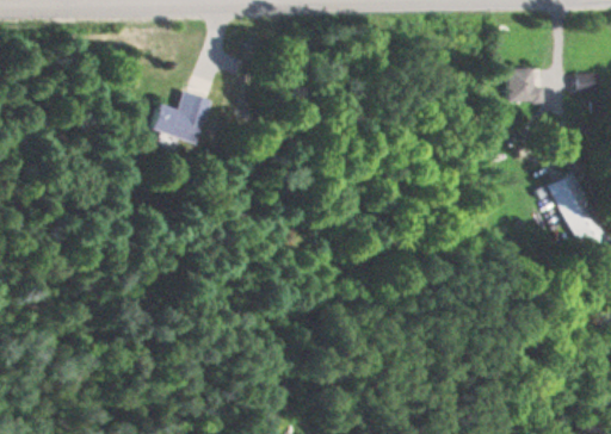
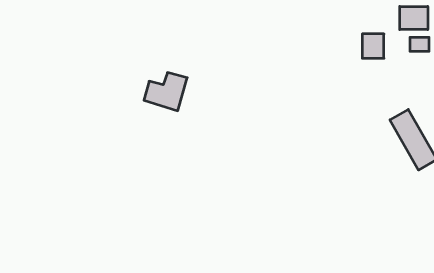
building: none -> [400,6,428,30]
building: [152,92,211,144] -> [144,73,187,111]

